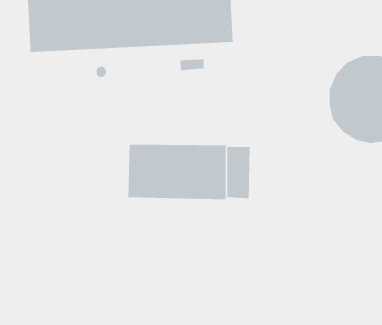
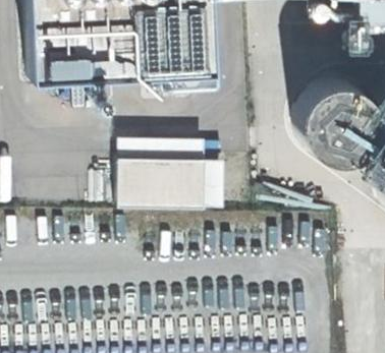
building: none -> [121,139,209,162]

